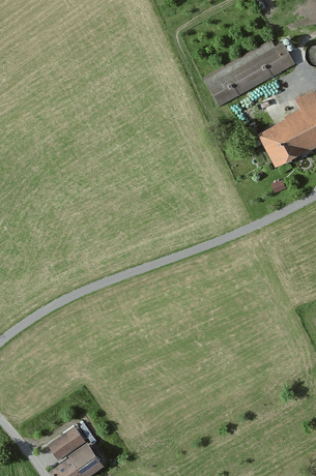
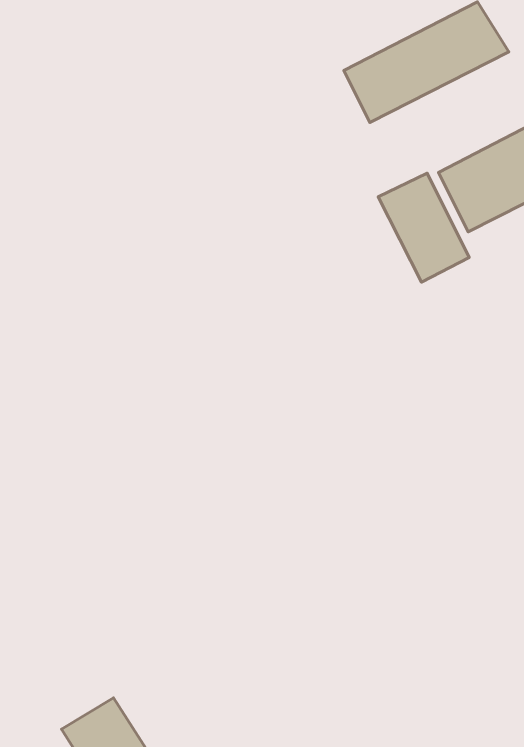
building: none -> [378,173,469,282]

